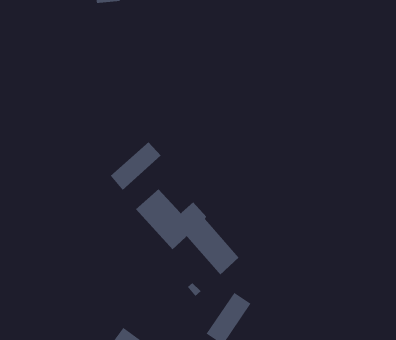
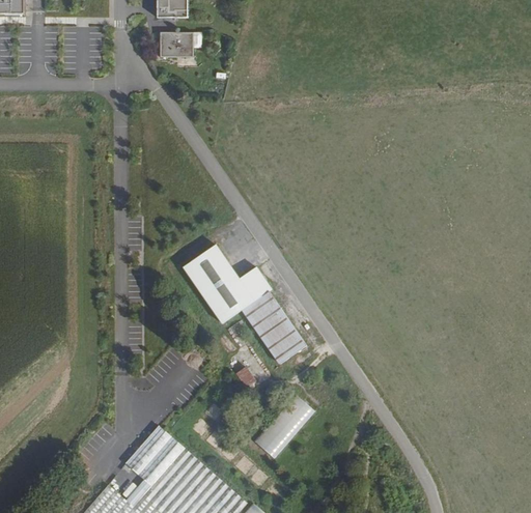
building: none -> [157,36,190,62]
building: [110,141,161,191] -> none

